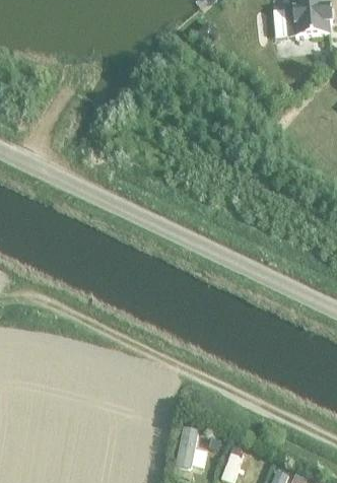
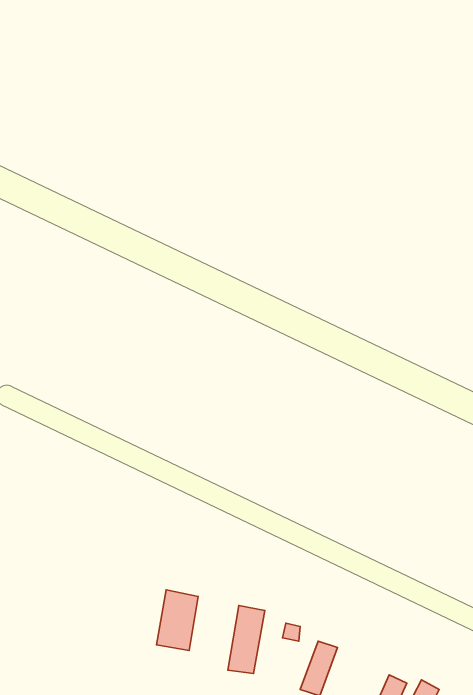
building: none -> [156,590,198,650]

